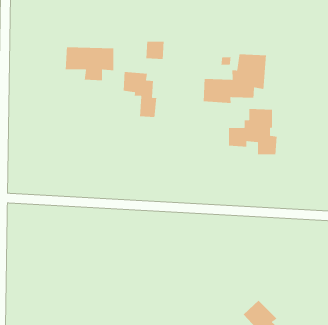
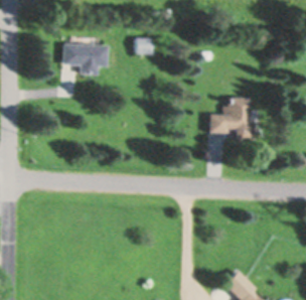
building: [203,53,267,104] -> none
building: [123,71,157,118] -> none

